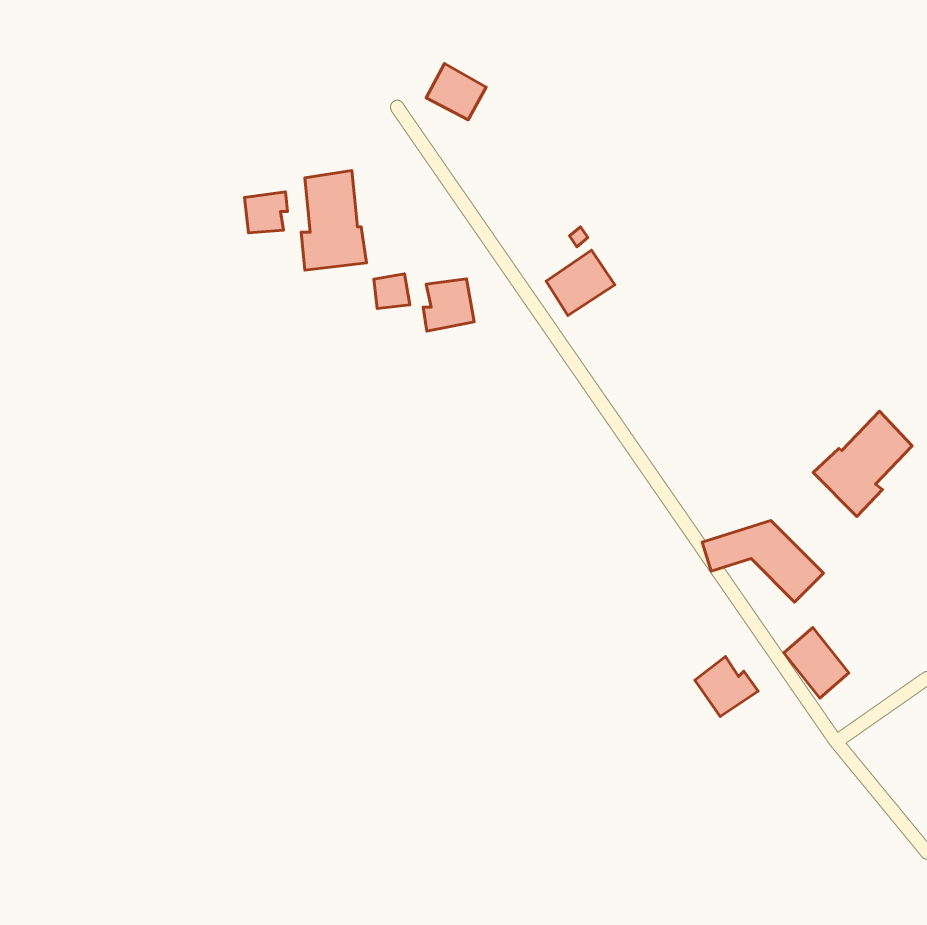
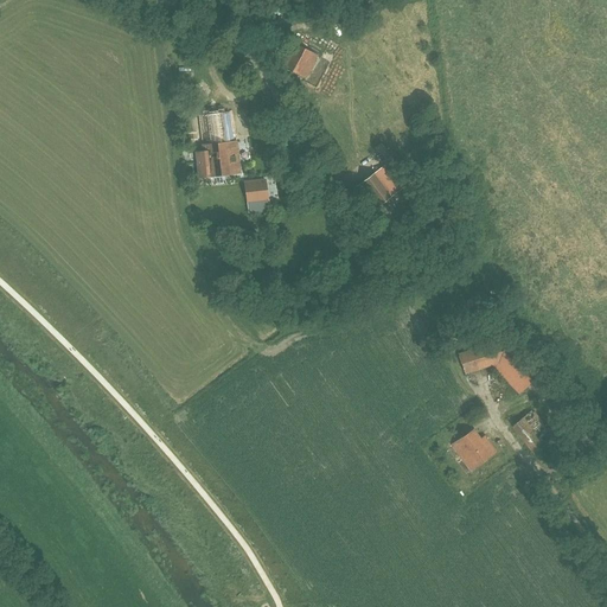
building: [244,192,287,233] -> none
building: [423,279,474,331] -> none
building: [813,411,912,516] -> none

